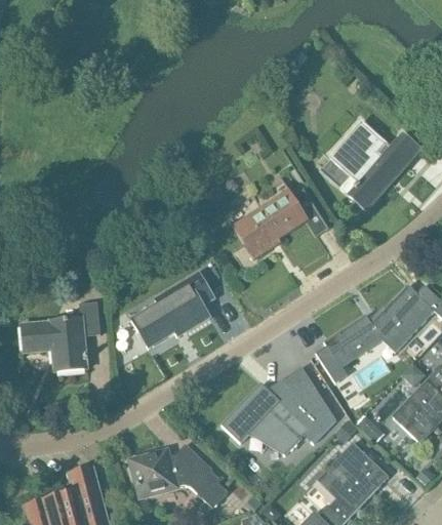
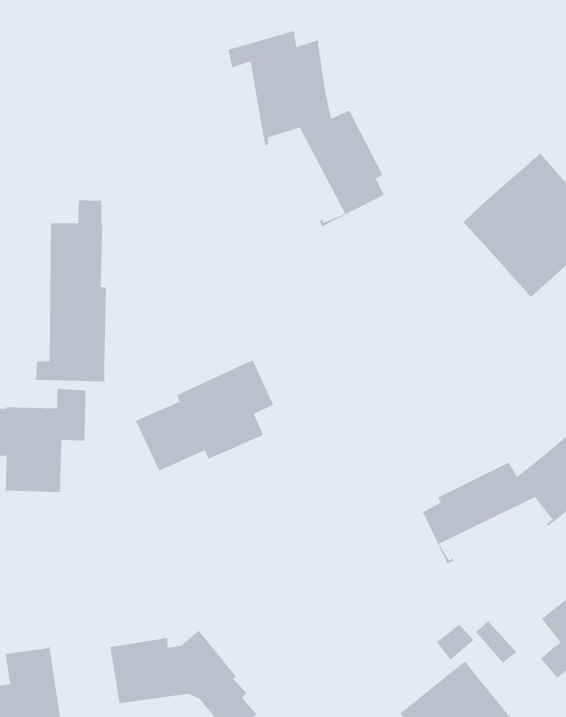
building: none -> [228,30,384,227]
building: none -> [36,199,106,382]
building: [232,188,329,258] -> none
building: [222,367,336,455] -> none

